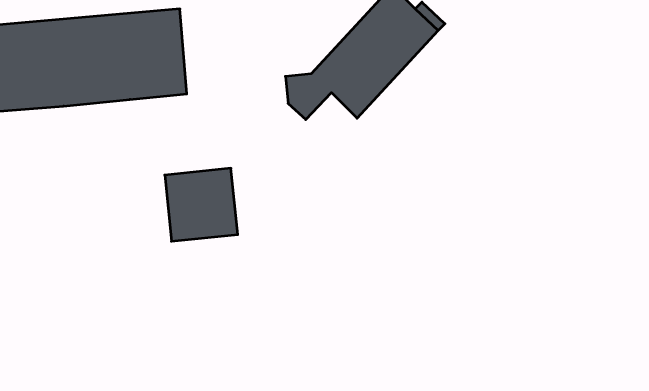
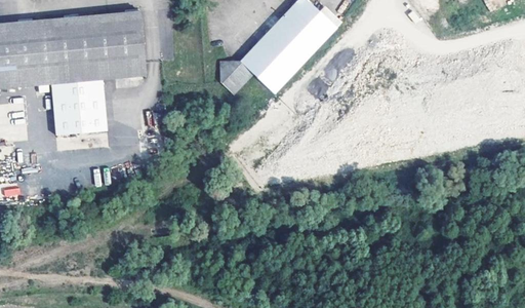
building: [165,168,238,241] -> [52,79,108,134]

